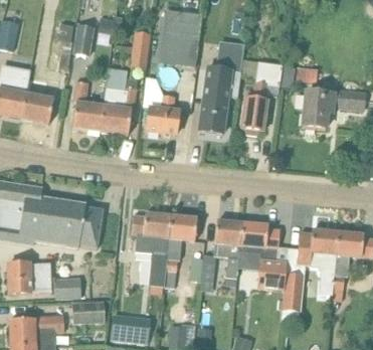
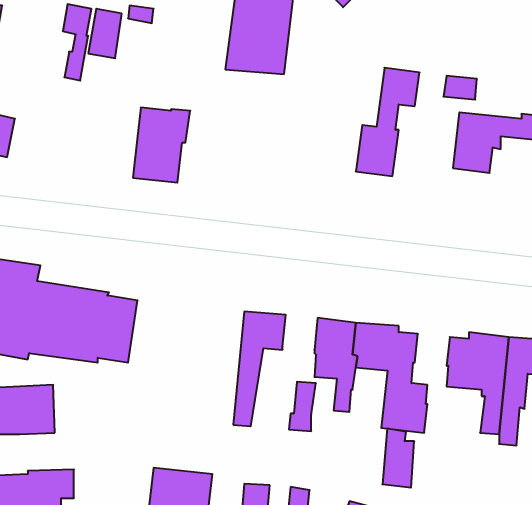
building: [129,31,150,69] -> none
building: [198,39,244,133] -> none
building: [20,76,59,123] -> none
building: [71,81,103,131] -> none
building: [146,95,178,134] -> none
building: [131,212,170,287] -> none
building: [284,274,304,311] -> [382,429,414,488]
building: [53,277,80,298] -> none
building: [70,302,105,323] -> none

